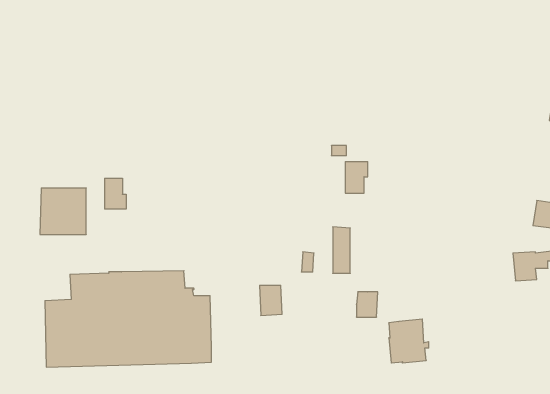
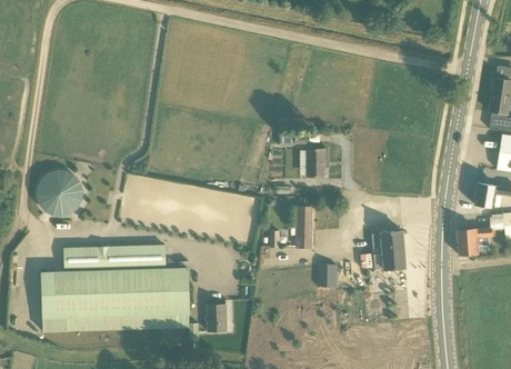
building: [105,178,126,209] -> none
building: [260,285,282,315] -> [207,306,227,332]
building: [389,319,429,363] -> [372,231,408,270]

